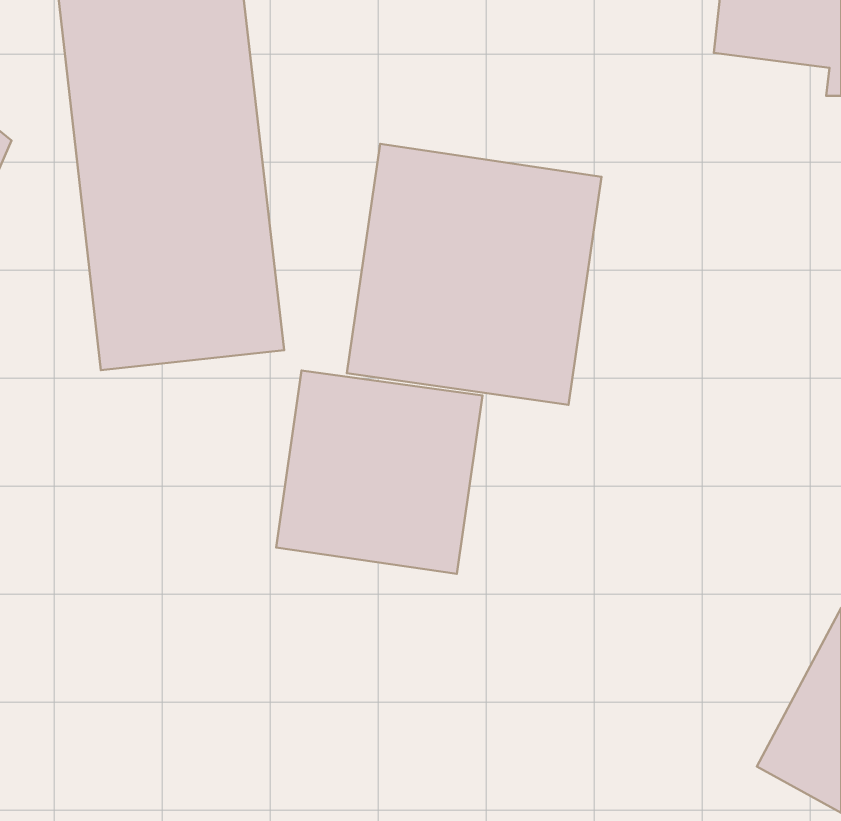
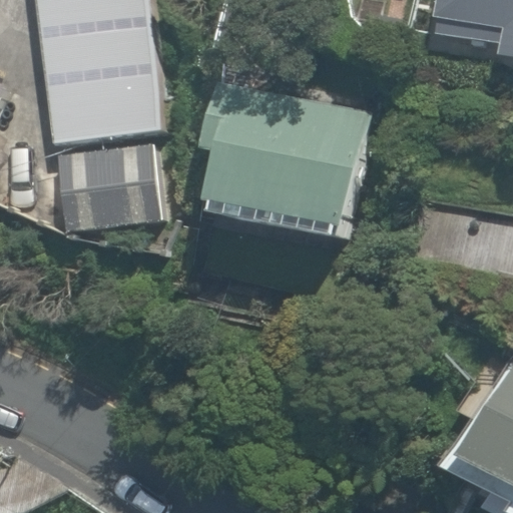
building: [276,370,482,574] -> none

